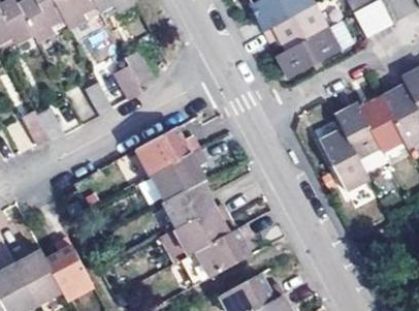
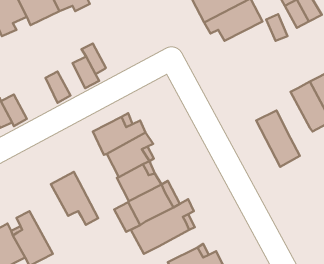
building: [275,26,337,74] -> none
building: [333,99,379,156] -> none
building: none -> [51,172,98,225]

